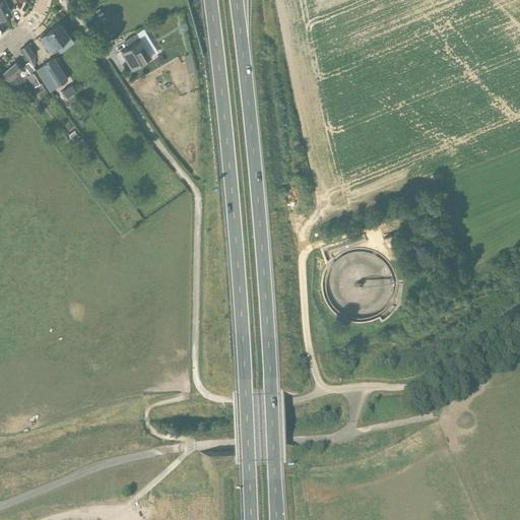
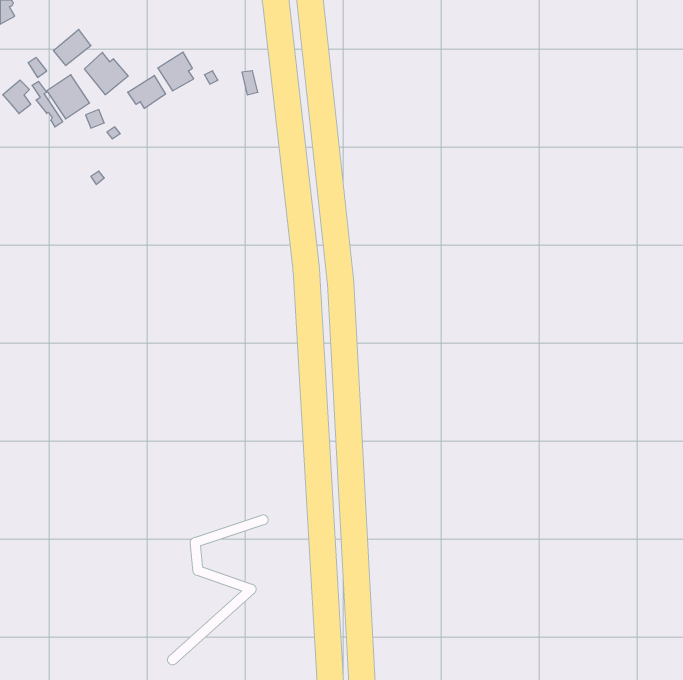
building: none -> [85,52,128,95]
building: none -> [128,75,166,108]

